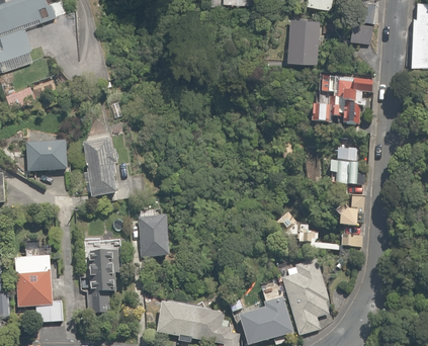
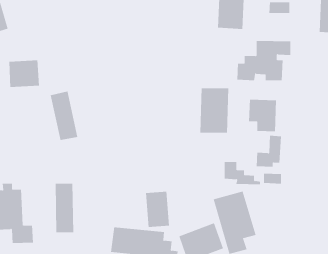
building: none -> [200,88,229,134]
building: [28,139,66,172] -> [9,60,40,88]
building: [140,213,169,257] -> [145,191,170,227]

